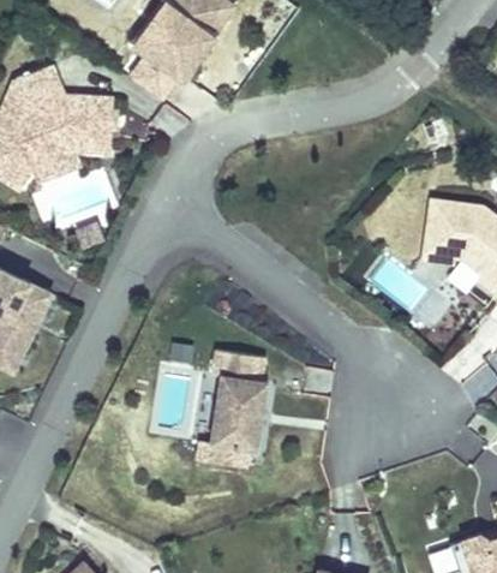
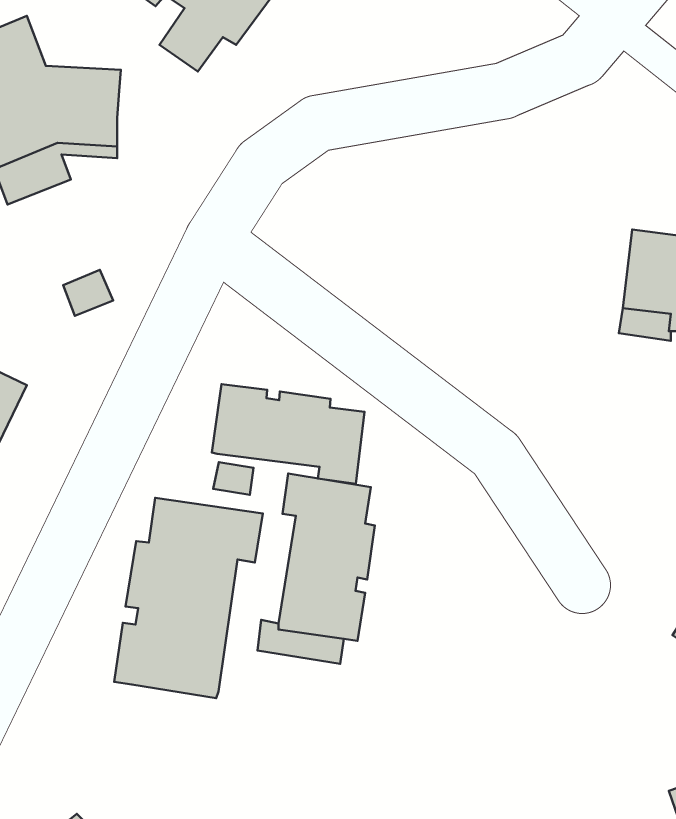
building: none -> [212,384,365,484]
building: none -> [114,498,263,698]

